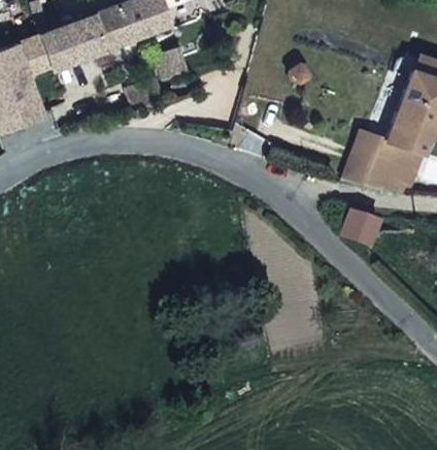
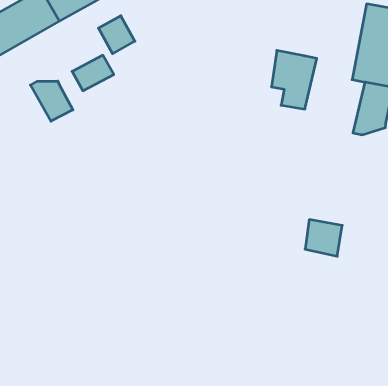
building: none -> [30,81,73,121]
building: [350,130,397,189] -> [271,50,317,109]
building: [342,207,380,246] -> [305,220,342,256]

